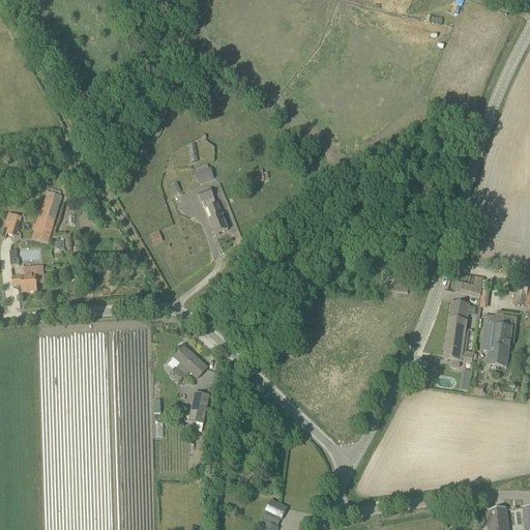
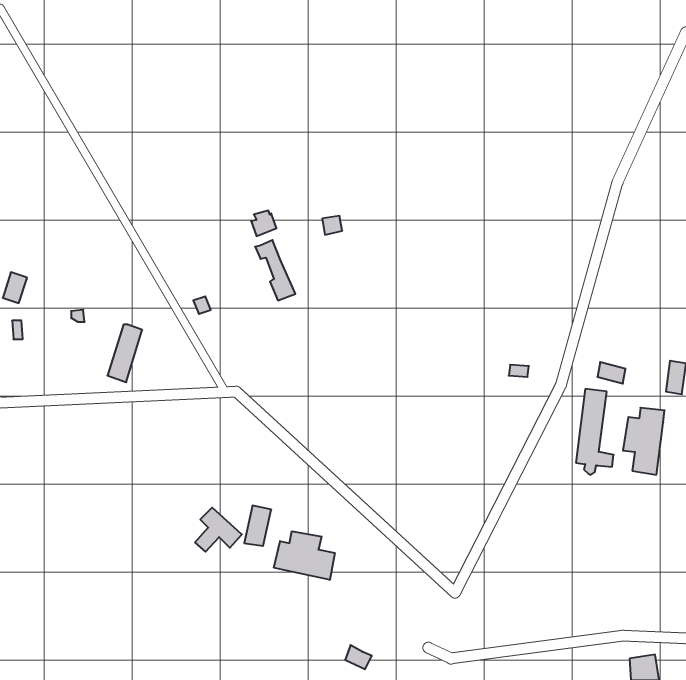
building: [34,189,61,234] -> [107,325,142,382]
building: [11,265,45,291] -> none
building: [170,346,206,380] -> [195,508,242,552]
building: none -> [274,531,335,580]

